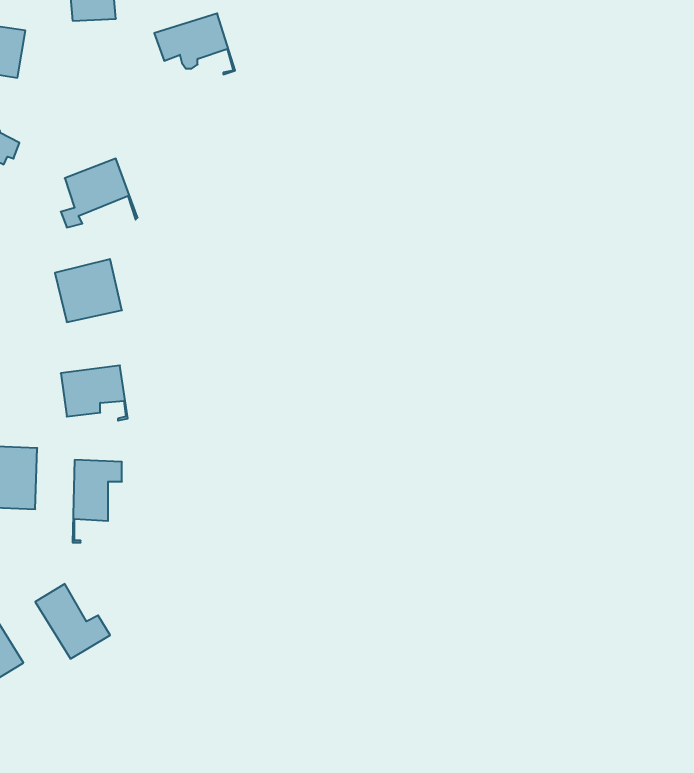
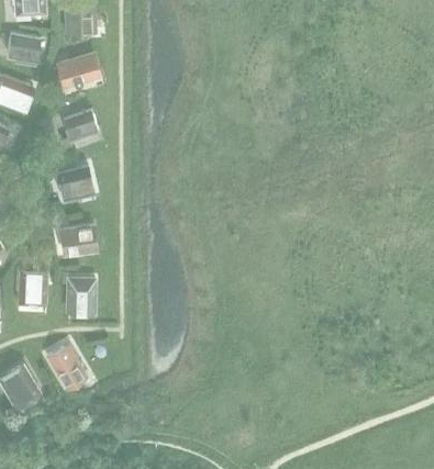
building: [154,13,235,74] -> [57,54,102,88]

